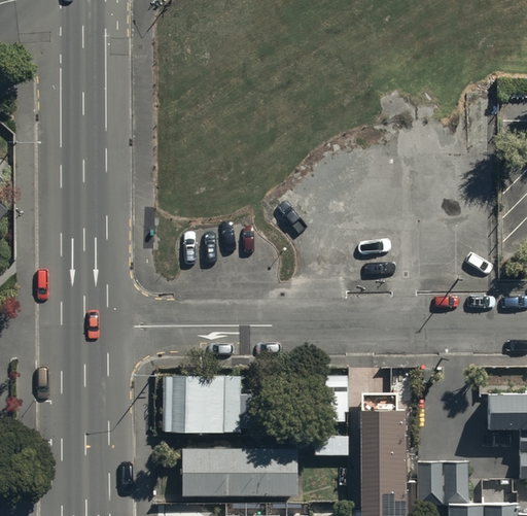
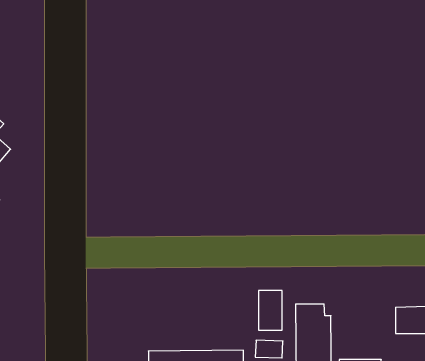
building: [161,378,243,432] -> none

